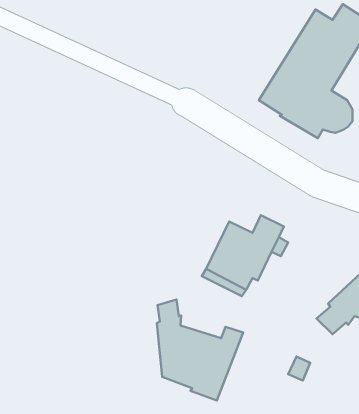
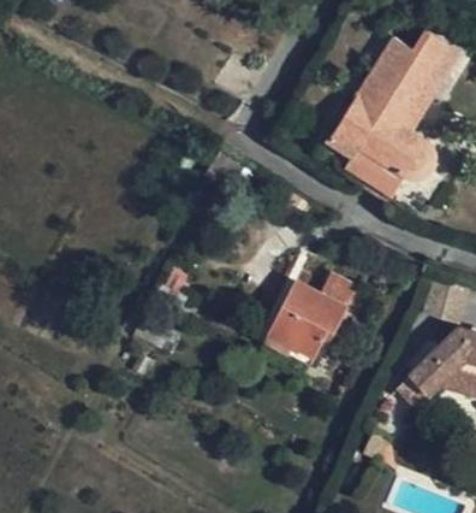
building: [157,300,243,400] -> none

